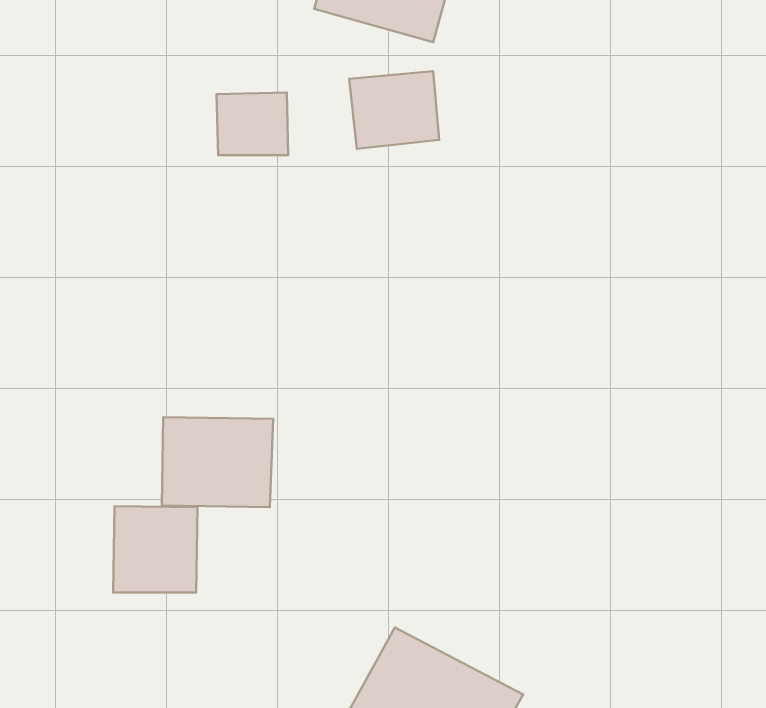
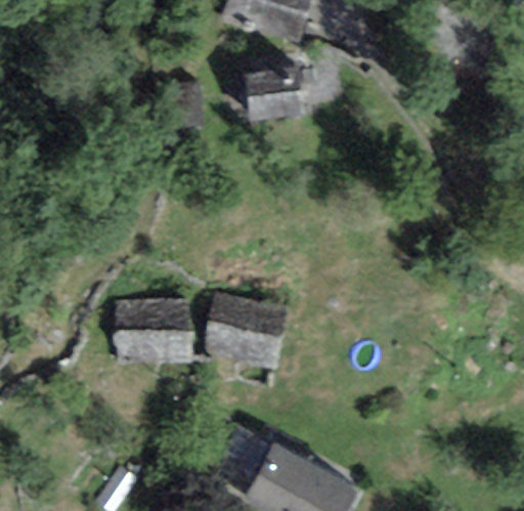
building: none -> [204,292,289,366]
building: [113,506,197,593] -> none

